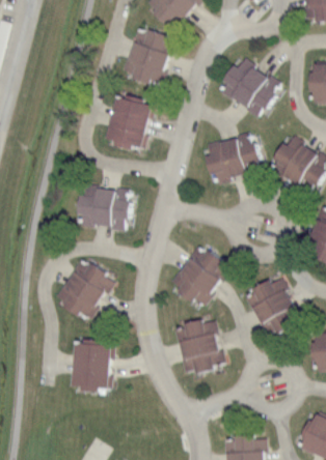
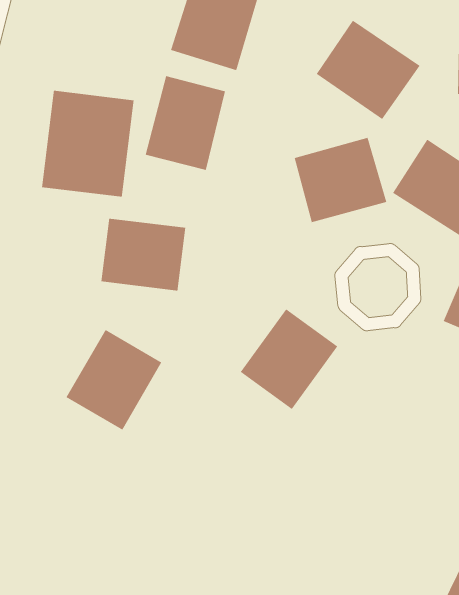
building: none -> [42,90,134,198]
building: [241,275,302,341] -> none
building: [170,316,225,375] -> none
building: [70,338,111,393] -> none

